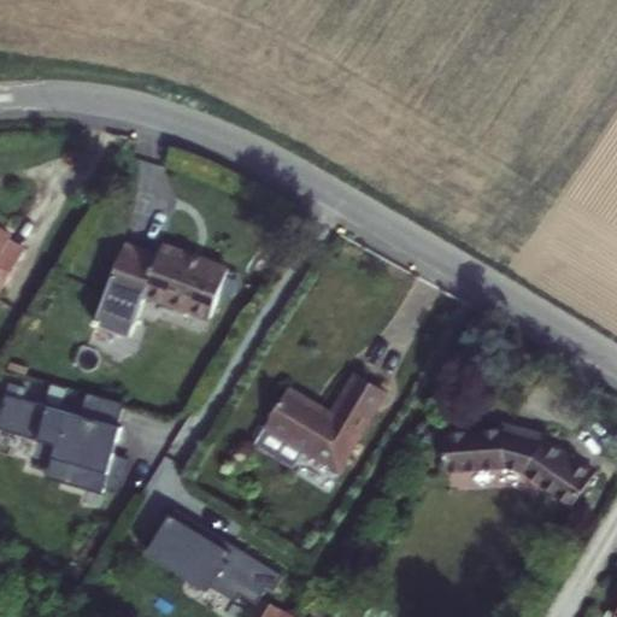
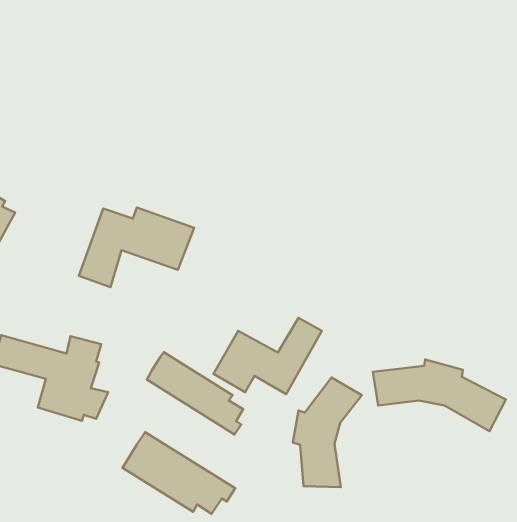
building: none -> [147,352,243,434]
building: none -> [293,378,362,487]

